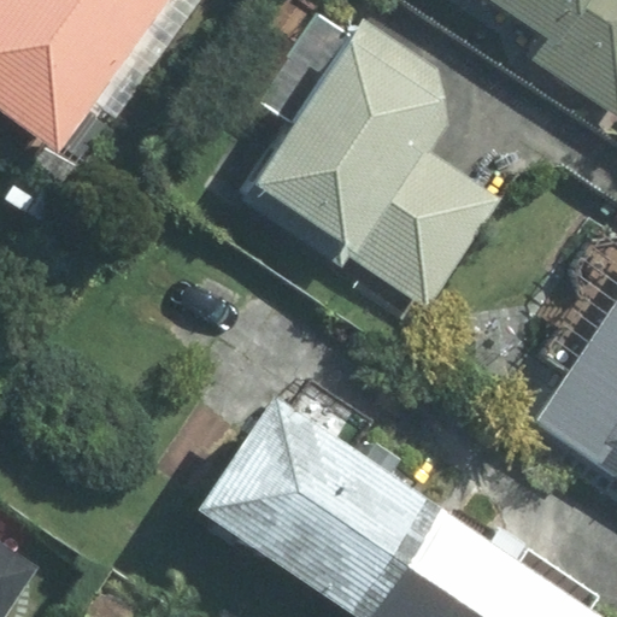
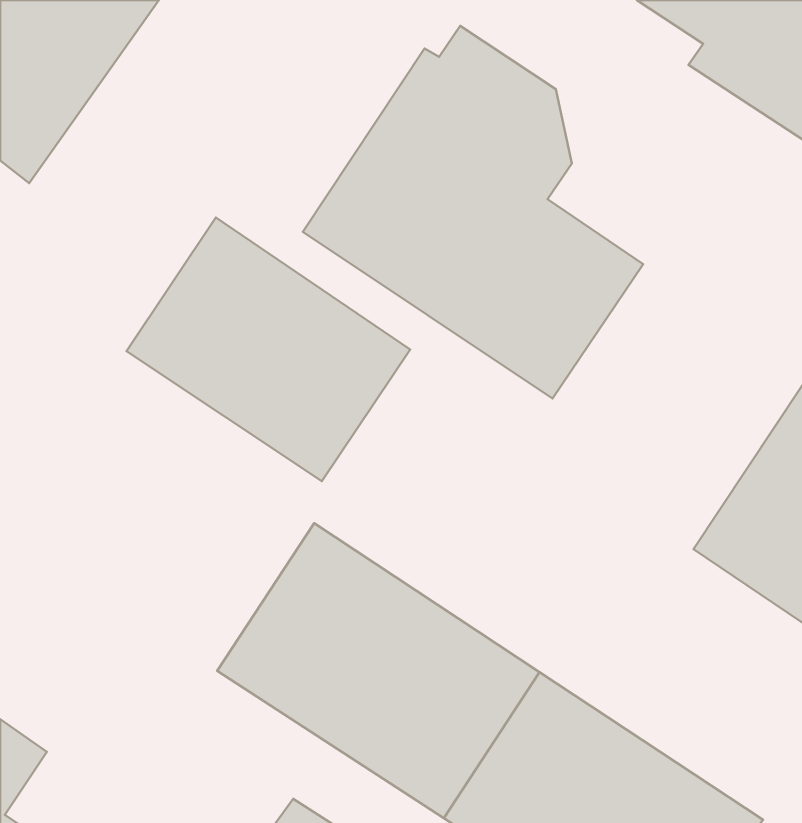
building: none -> [127,217,410,481]

